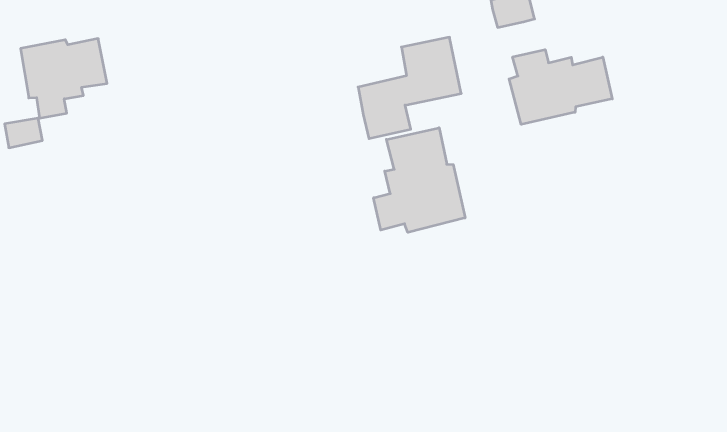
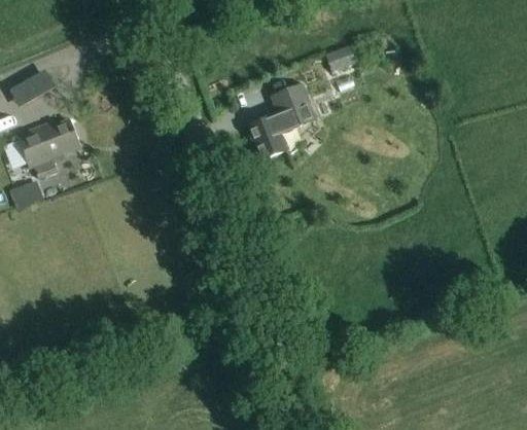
building: [509,50,612,124] -> none
building: [374,128,465,232] -> none

